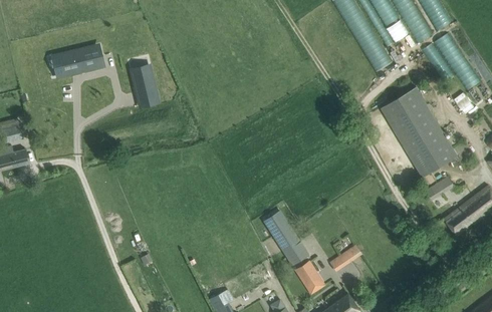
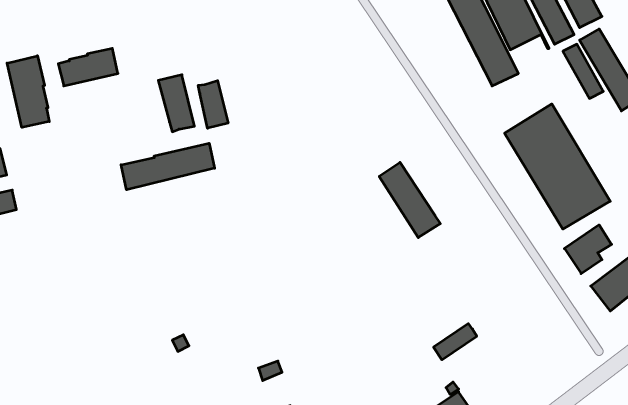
building: none -> [7,56,49,127]
building: none -> [198,81,228,128]
building: none -> [121,143,215,190]
building: [263,211,307,265] -> [379,162,440,238]
building: [294,260,325,294] -> none

